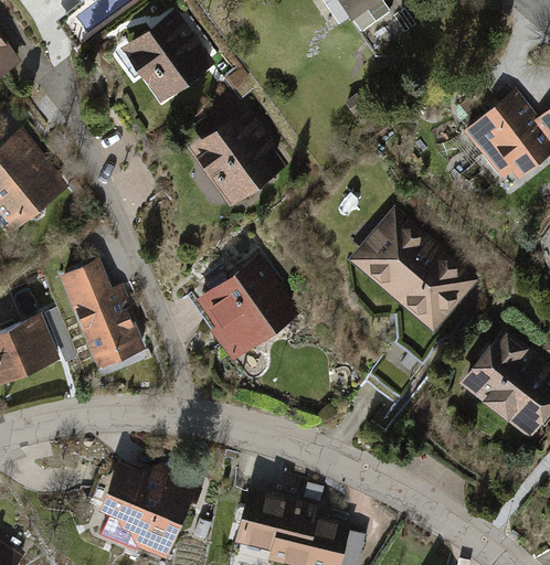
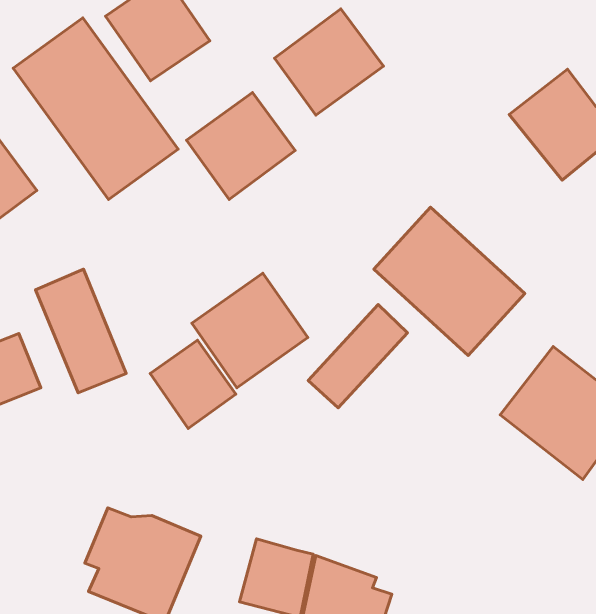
building: none -> [275,9,383,115]
building: none -> [13,18,178,199]
building: none -> [308,305,408,408]
building: none -> [150,340,236,428]

